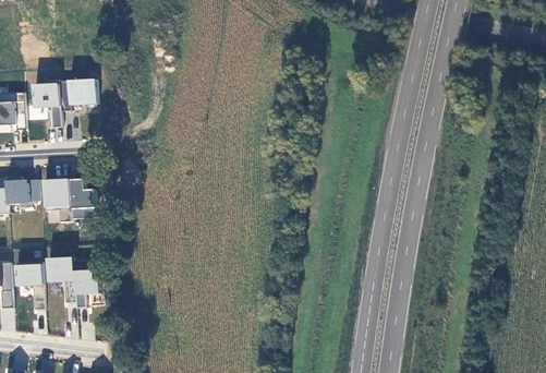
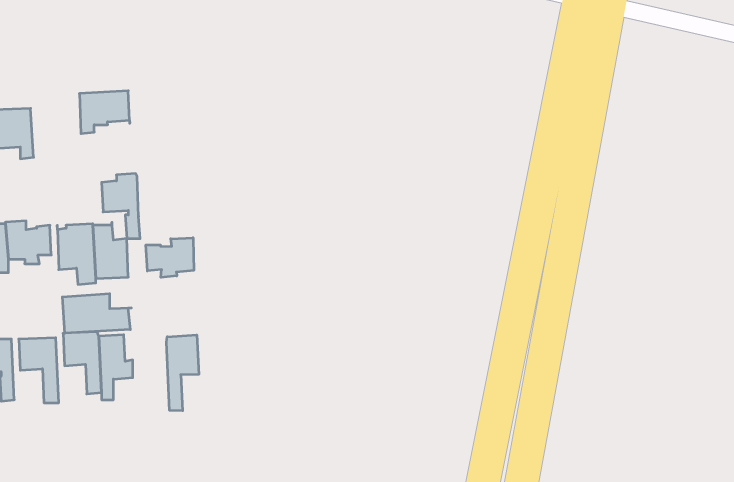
building: [33,80,61,128] -> [102,174,140,239]
building: none -> [146,238,194,277]
building: none -> [62,294,131,333]
building: none -> [166,335,199,411]

